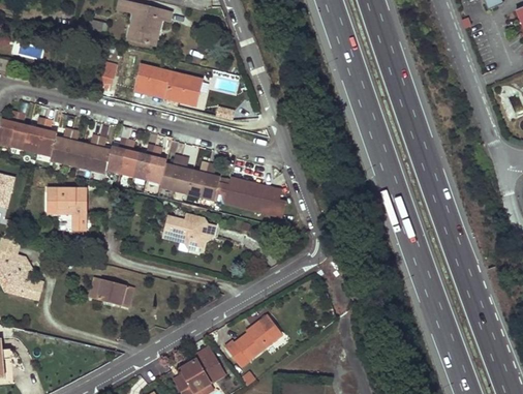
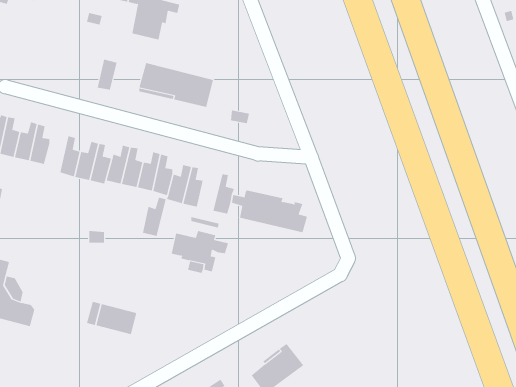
building: [50,128,71,162] -> none
building: [187,161,209,196] -> [142,197,167,236]
building: [47,188,87,222] -> none

